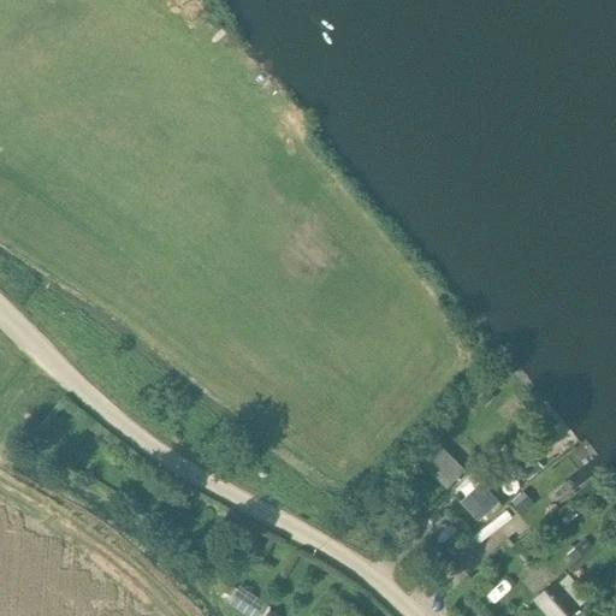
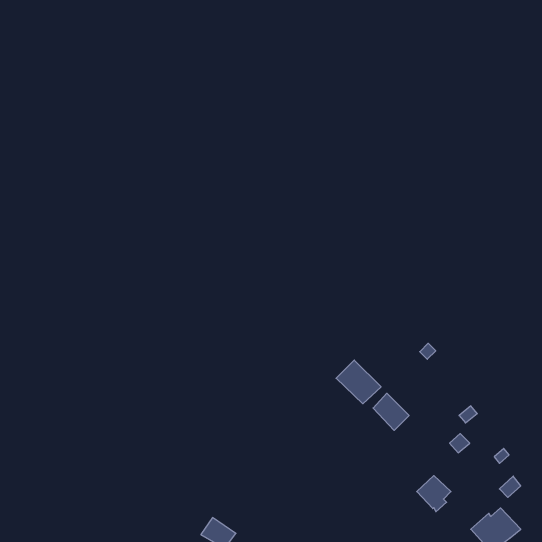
building: none -> [336,360,381,404]
building: [461,485,499,526] -> [417,476,451,512]

